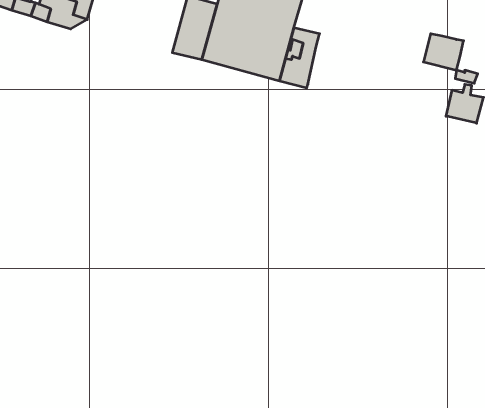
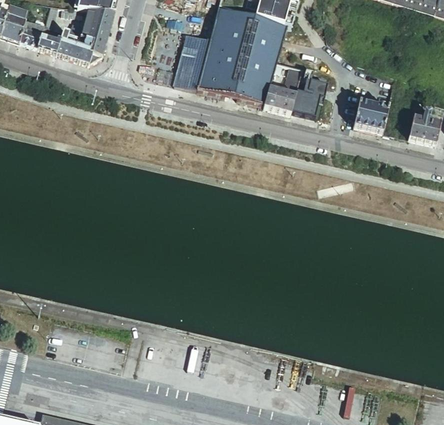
building: [423,34,464,70] -> [352,101,386,132]
building: none -> [289,78,318,116]

